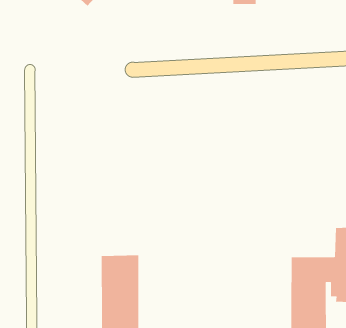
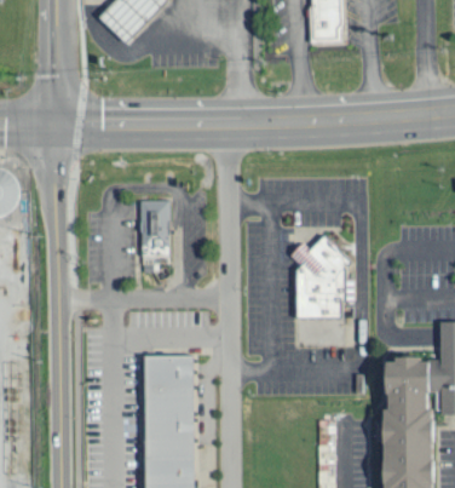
building: none -> [139,194,172,269]
building: none -> [298,242,344,315]

